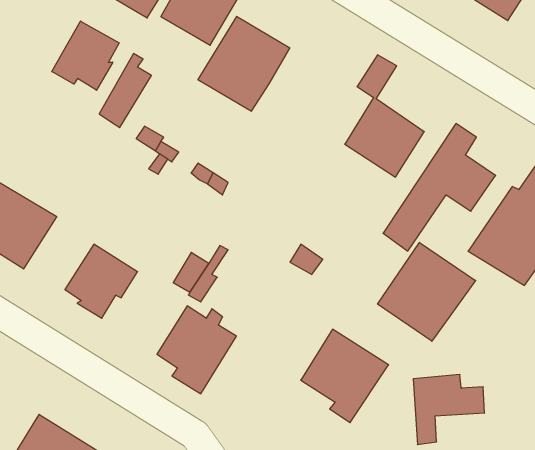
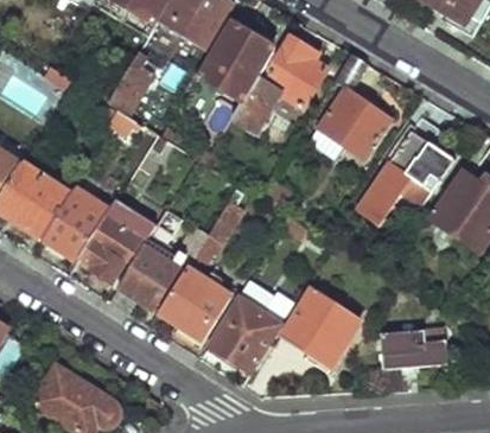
building: [52,21,119,90] -> none
building: none -> [231,38,329,133]
building: none -> [45,189,110,256]
building: none -> [109,210,178,312]
building: [378,242,476,341] -> none
building: none -> [209,297,280,371]

